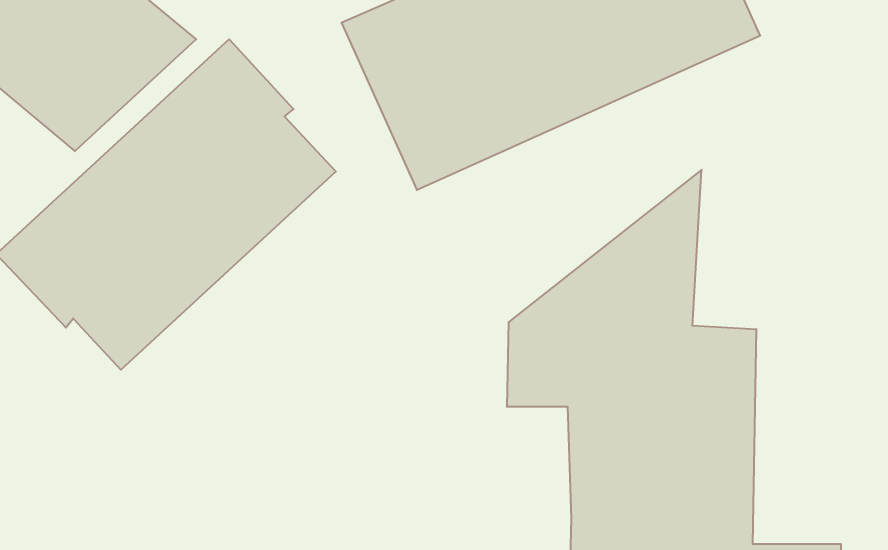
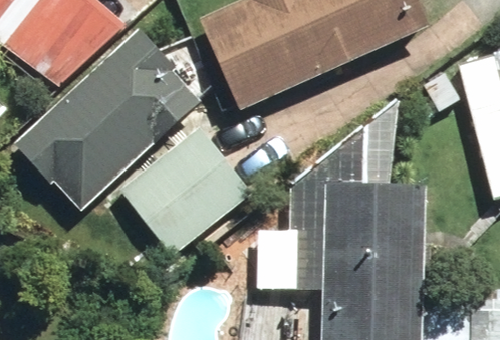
building: none -> [120,126,253,256]

